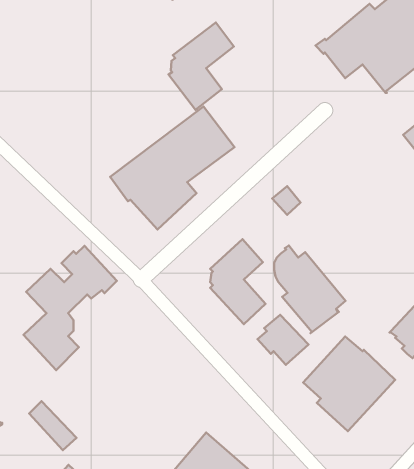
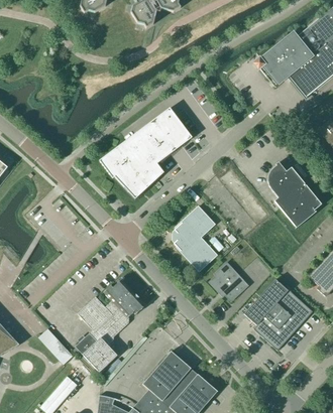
building: [169,22,234,110] -> none
building: [274,245,346,333] -> [268,162,322,228]
building: [24,246,117,370] -> [76,279,145,372]

